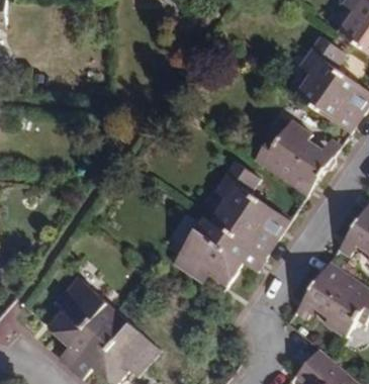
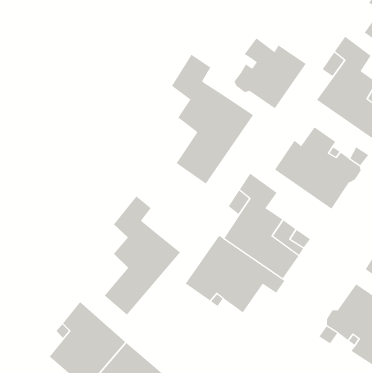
building: none -> [234,37,306,109]
building: none -> [171,54,254,185]
building: none -> [104,195,181,316]

